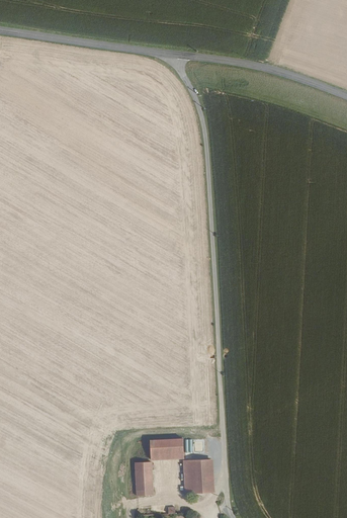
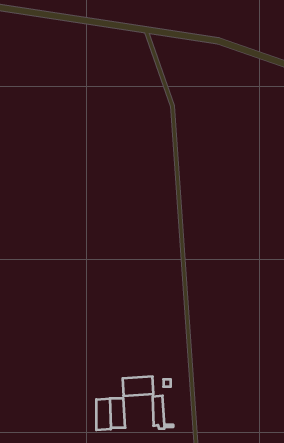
building: [194,458,213,492] -> none
building: none -> [96,399,111,430]

